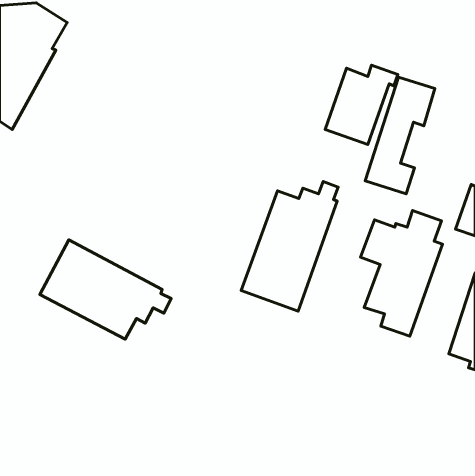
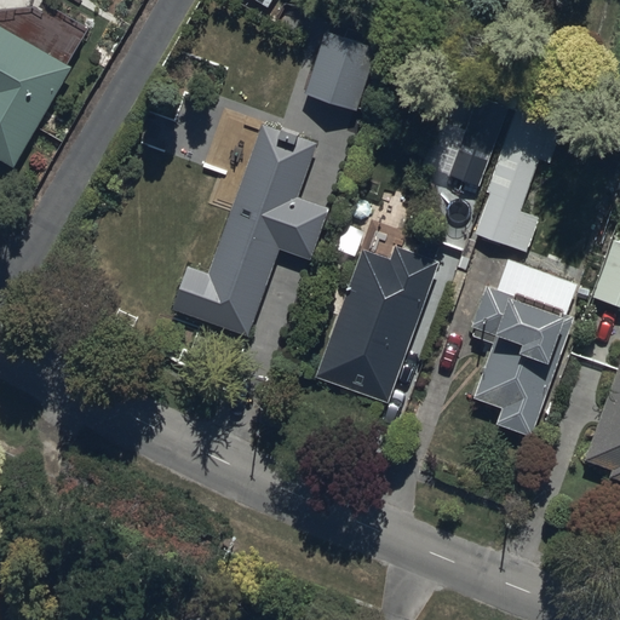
building: none -> [306,33,377,110]
building: none -> [172,124,328,335]
building: [40,240,171,339] -> none

